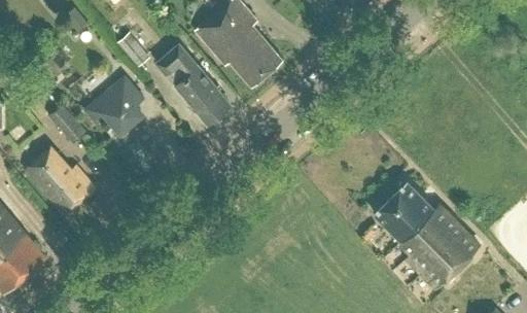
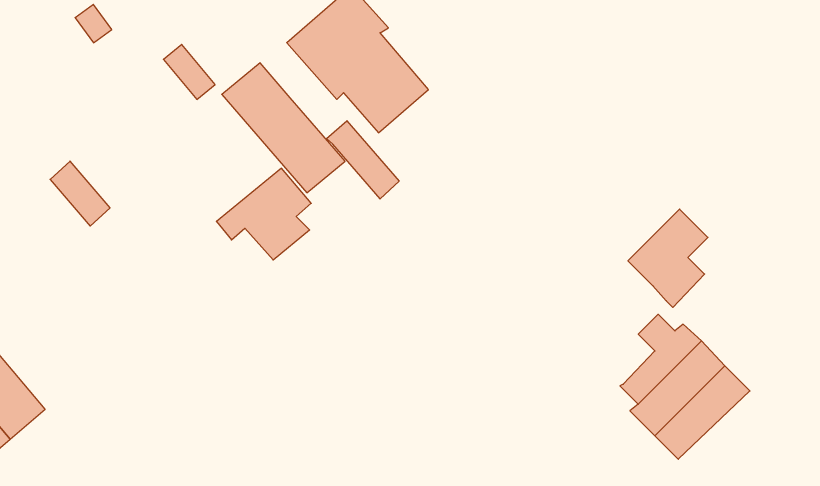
building: [84,77,143,134] -> [216,168,311,260]
building: none -> [327,121,399,199]
building: [26,149,94,215] -> none
building: [375,182,424,243] -> [628,209,708,307]

